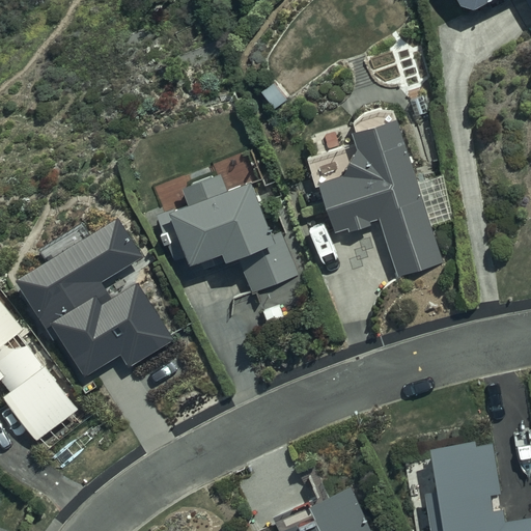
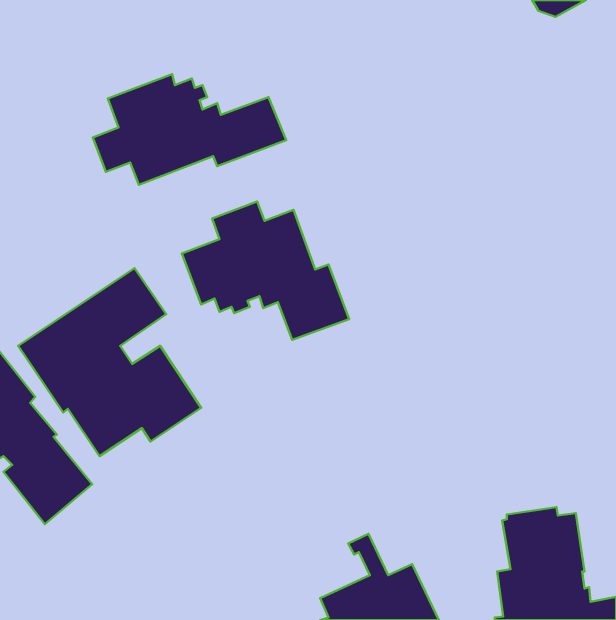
building: none -> [93,74,286,185]
building: [308,108,443,274] -> none

